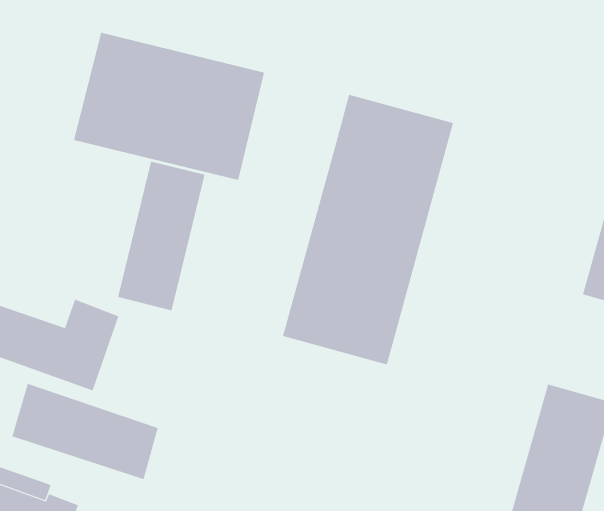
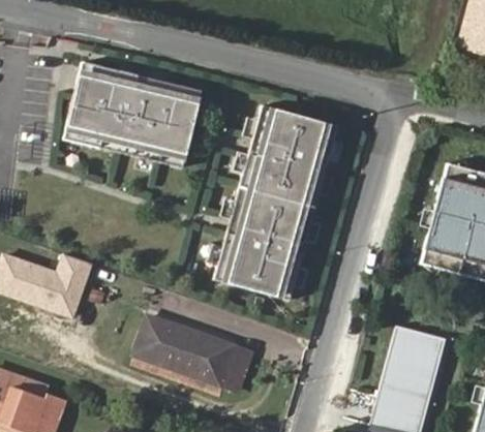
building: [117,161,205,311] -> none
building: [11,383,158,480] -> [134,316,240,385]

